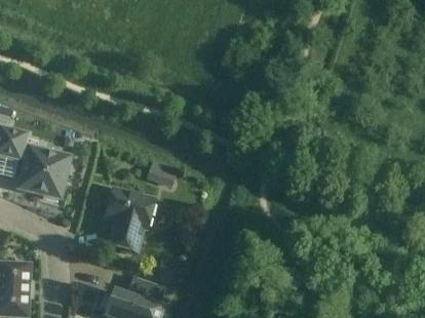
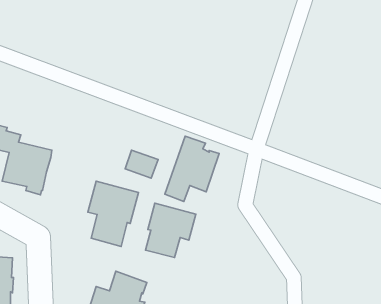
building: none -> [165,136,219,202]
building: none -> [145,203,196,258]

